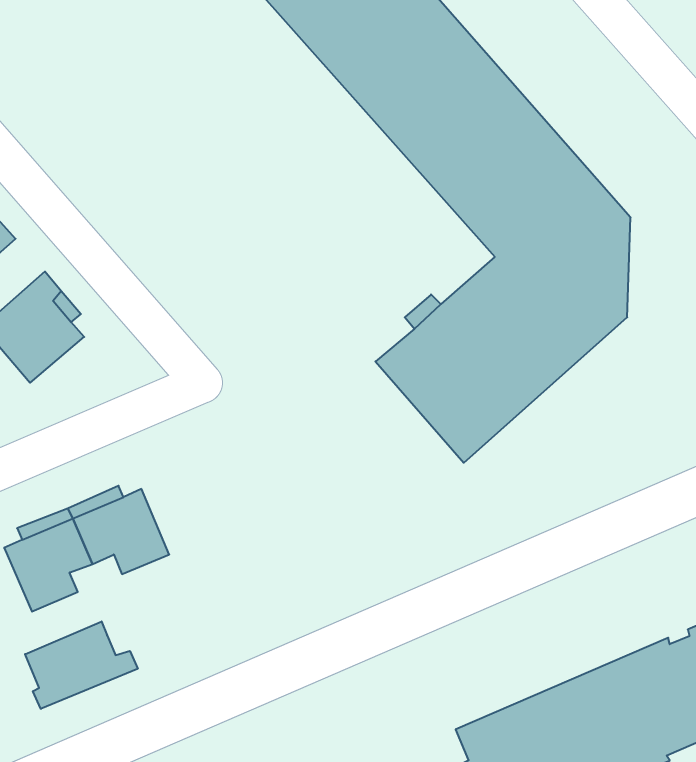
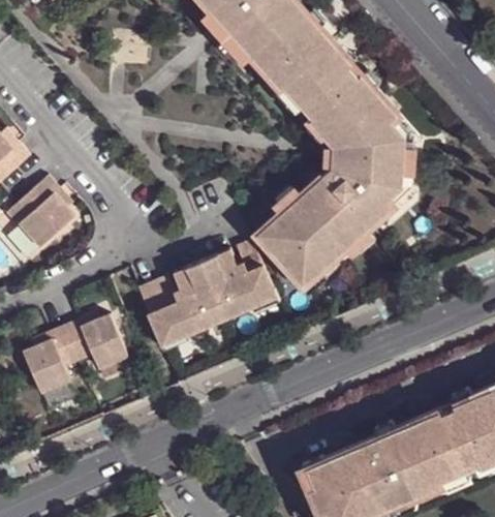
building: none -> [137,240,273,339]
building: [25,621,138,709] -> none

